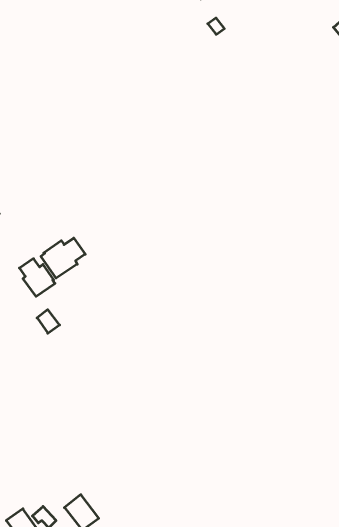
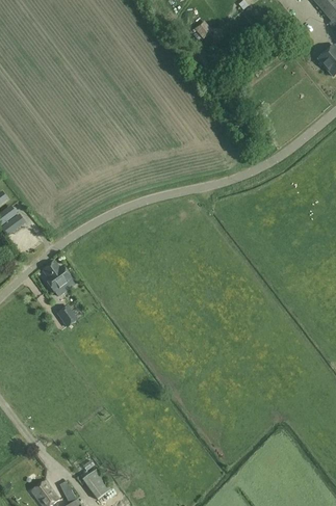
building: [41,238,85,278] -> none

